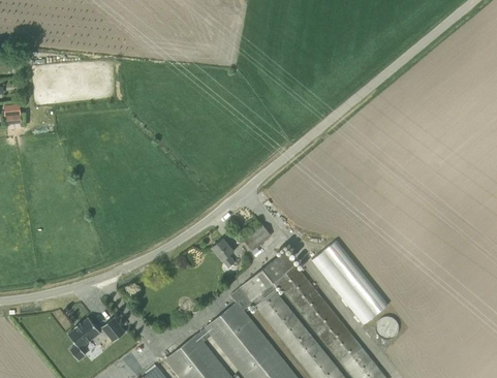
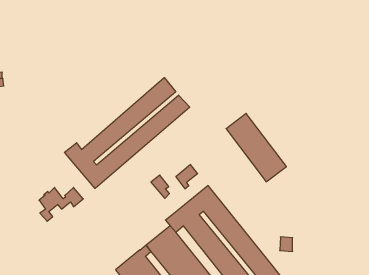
building: none -> [65,78,190,188]
building: [311,238,389,325] -> [226,113,286,182]
building: [69,317,126,360] -> [39,187,83,221]

